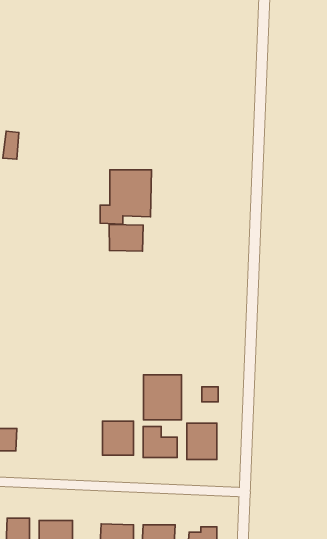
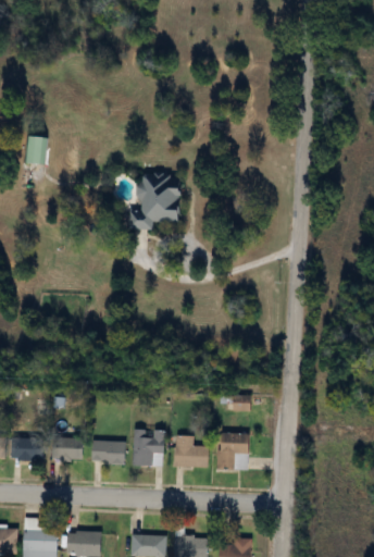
building: [109,224,143,251] -> none
building: [143,375,181,420] -> none
building: none -> [51,438,84,461]
building: none -> [91,441,125,463]

